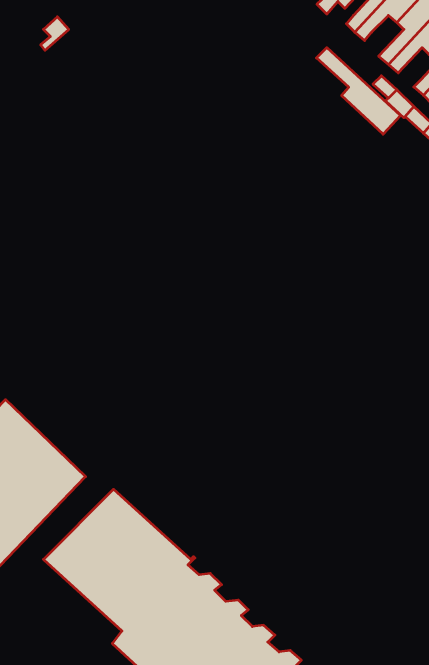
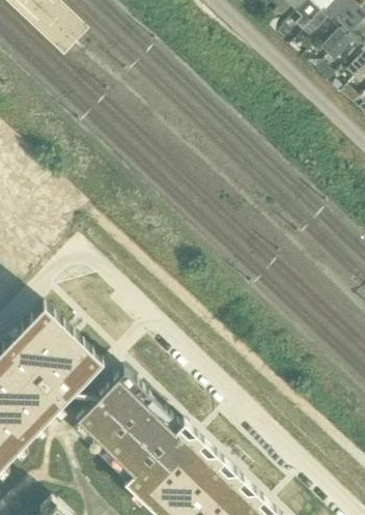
building: [316,48,401,134] -> none

